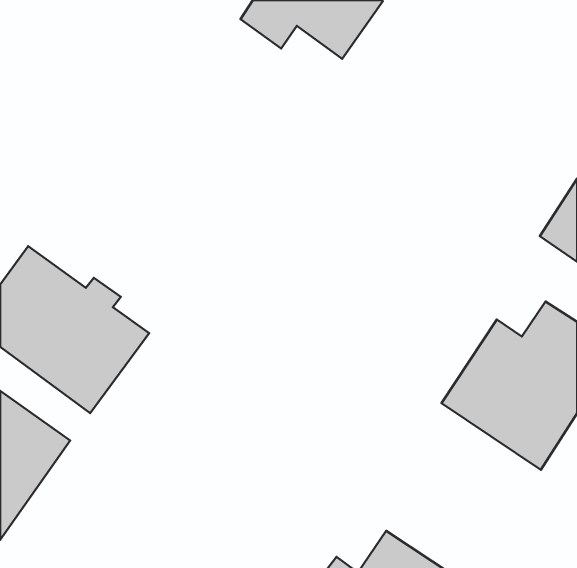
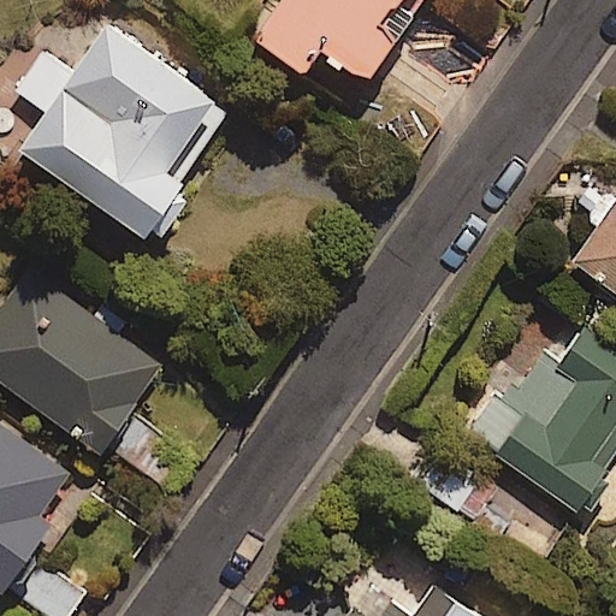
building: none -> [17,37,239,251]

